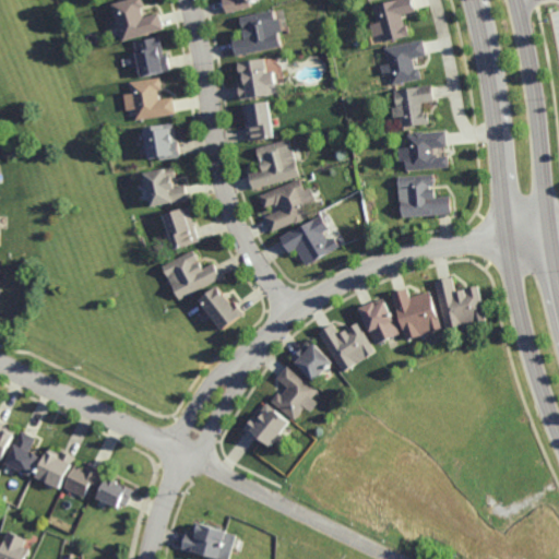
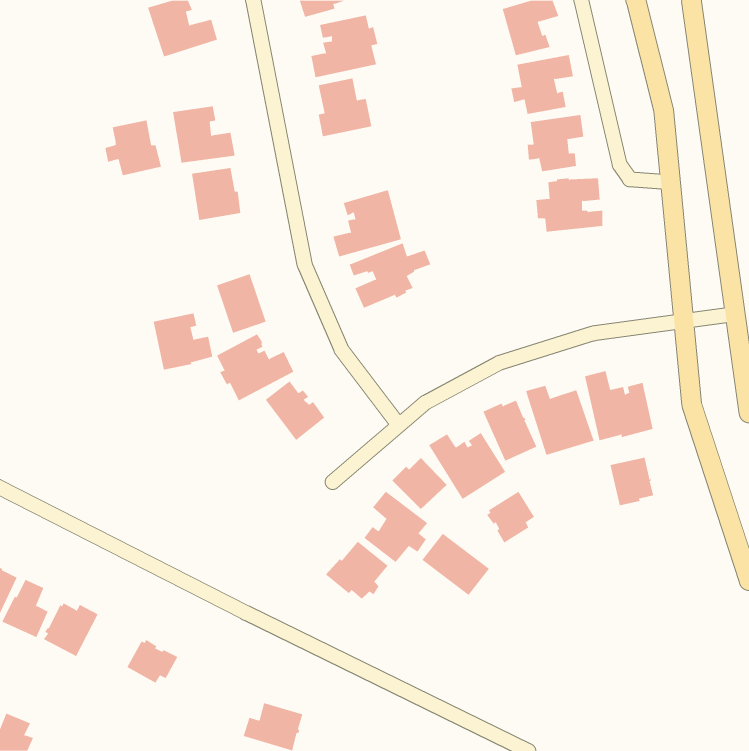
building: [127,37,169,79] -> [105,120,162,176]
building: [241,102,273,143] -> none
building: [142,168,187,211] -> [153,313,213,370]
building: [396,176,450,216] -> none
building: [278,212,337,264] -> none
building: none -> [610,457,654,506]
building: none -> [486,491,535,543]
building: none -> [421,533,490,596]
building: [61,463,102,496] -> none

